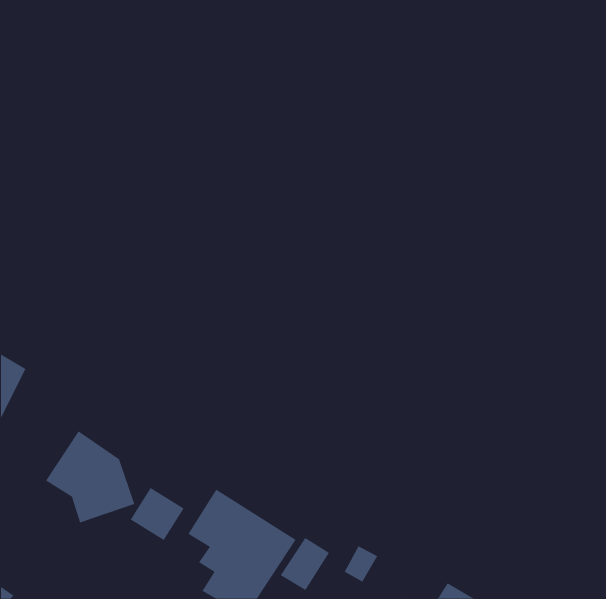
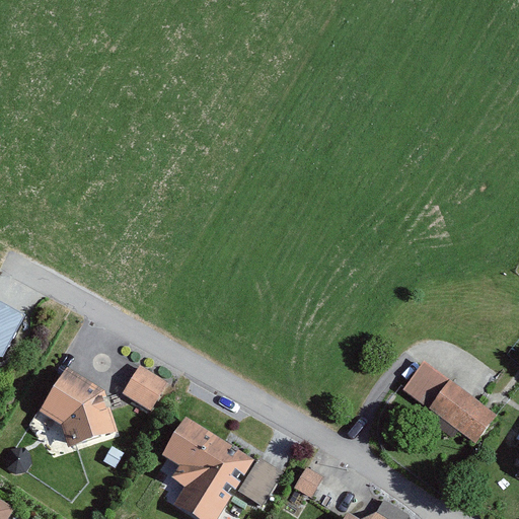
building: none -> [401,361,496,442]
building: [130,487,184,541] -> [122,366,168,412]

